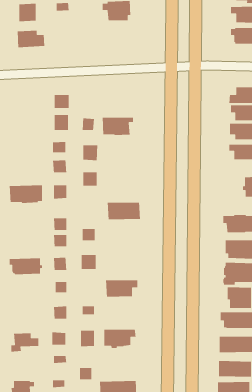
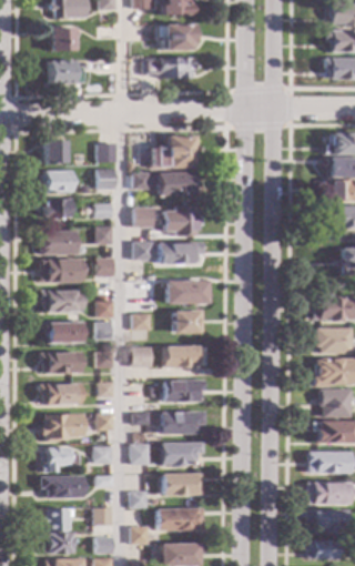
building: none -> [144,57,194,77]
building: none -> [150,134,195,168]
building: none -> [45,140,68,162]
building: none -> [42,170,73,192]
building: none -> [45,198,72,220]
building: none -> [158,205,202,235]
building: none -> [41,230,79,254]
building: none -> [159,241,203,263]
building: none -> [43,290,83,311]
building: none -> [172,310,199,332]
building: none -> [43,321,83,343]
building: none -> [163,344,206,367]
building: none -> [39,382,81,404]
building: none -> [161,411,204,433]
building: none -> [41,413,84,441]
building: none -> [163,472,202,495]
building: none -> [40,475,83,498]

